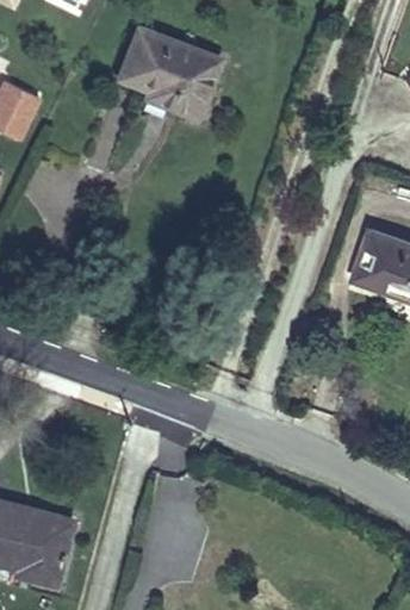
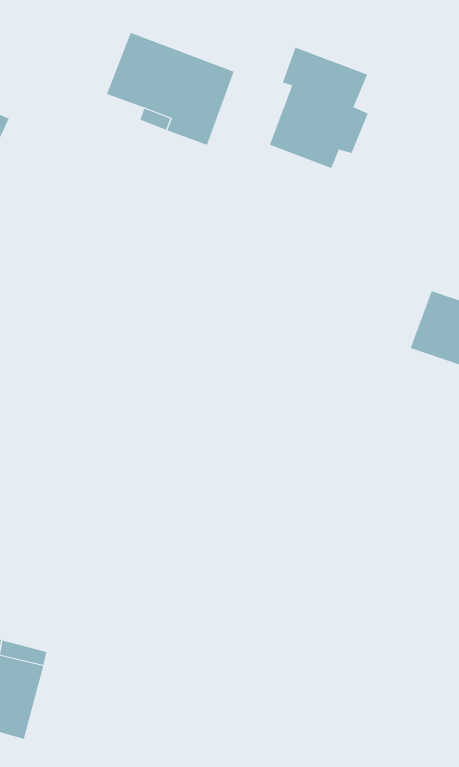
building: none -> [269,47,368,169]

